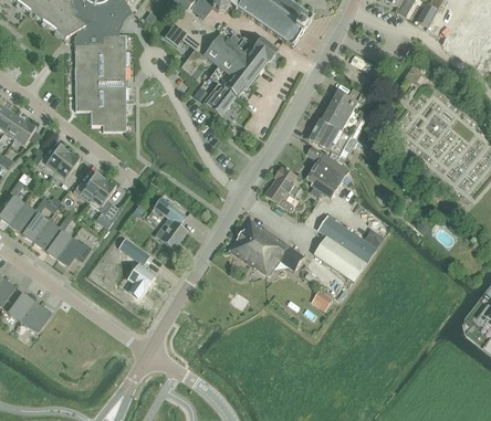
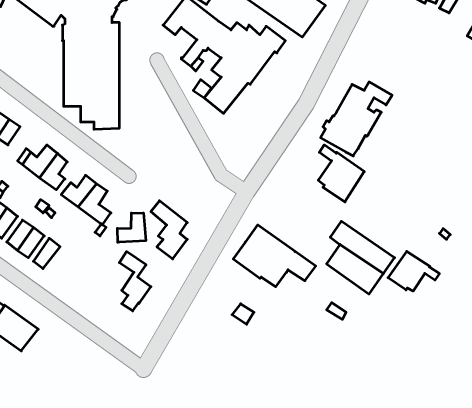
building: [264,166,301,209] -> none
building: none -> [117,213,146,242]
building: [55,238,91,265] -> none
building: none -> [388,251,439,291]

